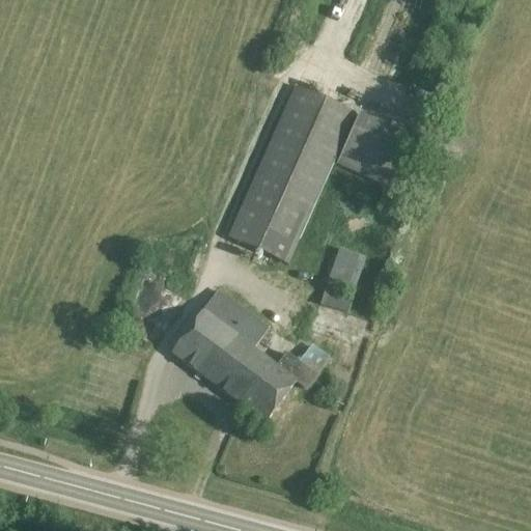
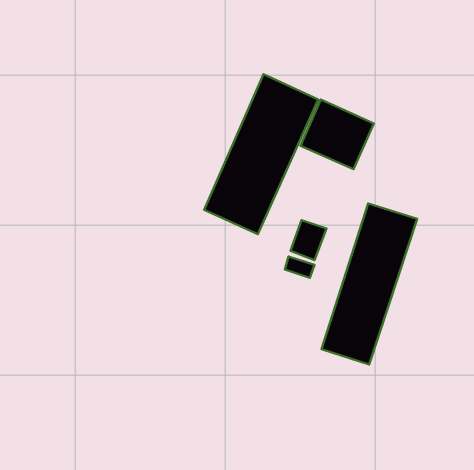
building: none -> [321,204,417,365]
building: [172,287,330,420] -> none

